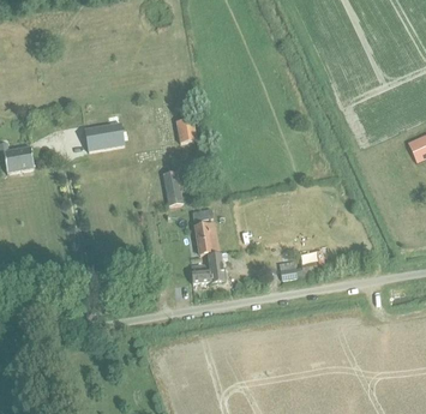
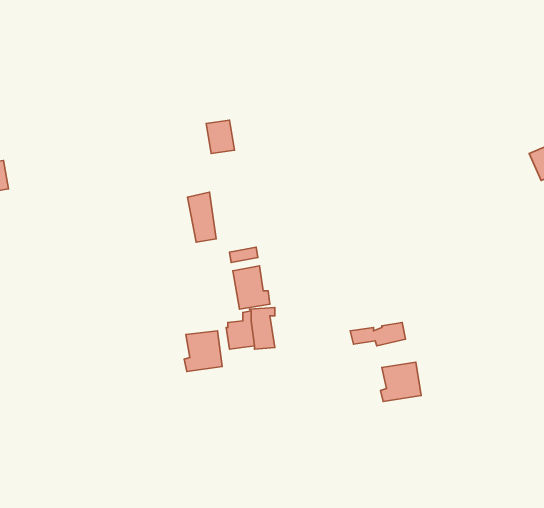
building: [84,124,124,152] -> none
building: none -> [184,331,222,371]
building: none -> [381,362,421,402]

